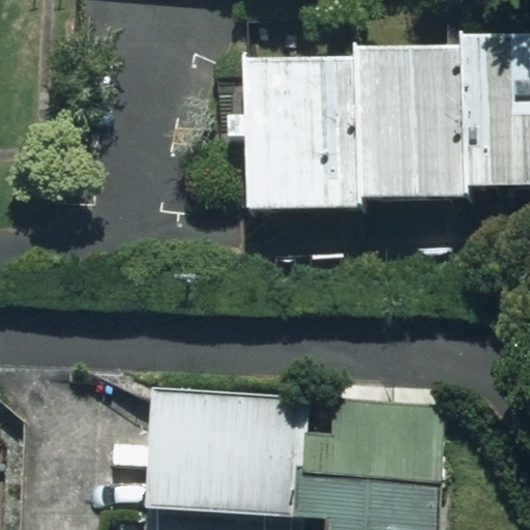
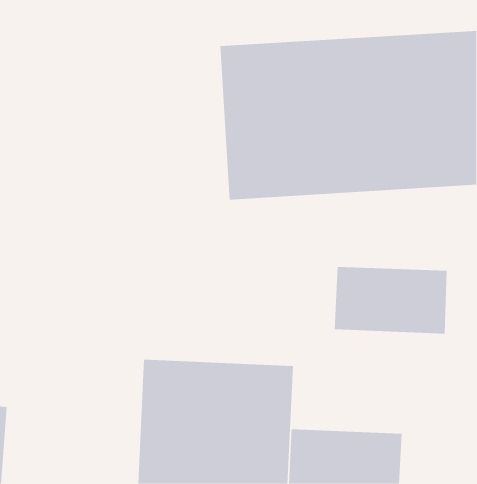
building: [316,398,439,471] -> [334,267,447,334]

